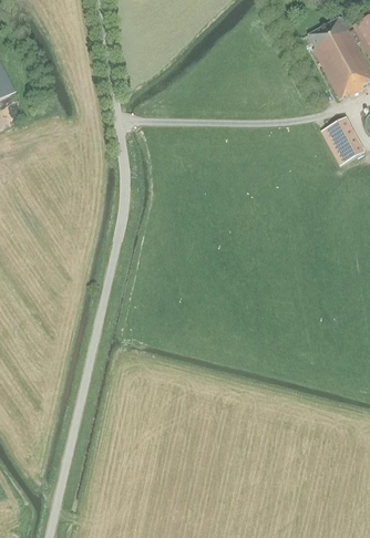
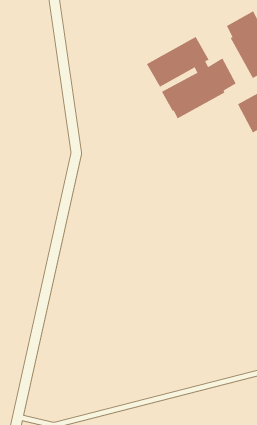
building: none -> [146,36,236,119]

